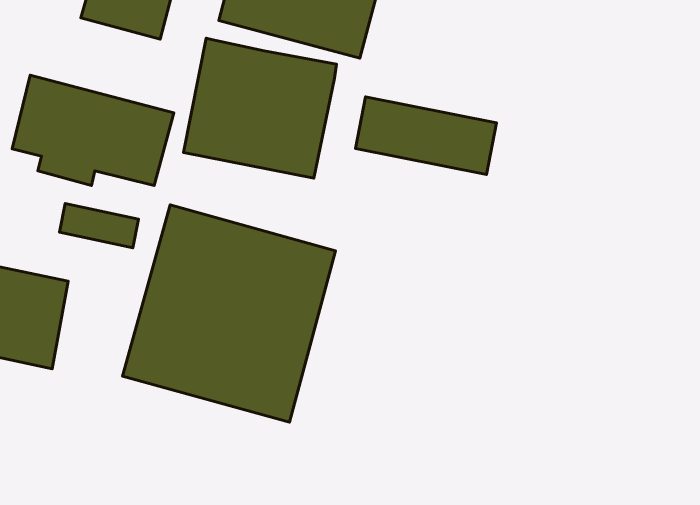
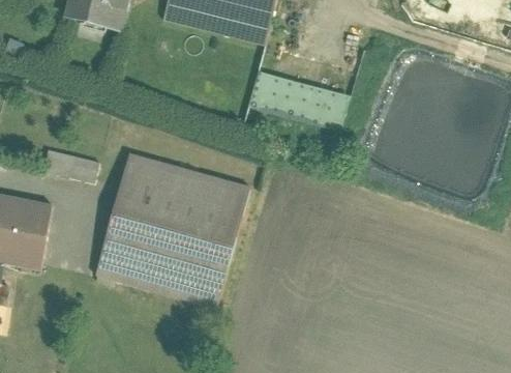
building: [184,38,336,178] -> none
building: [12,75,174,186] -> none

